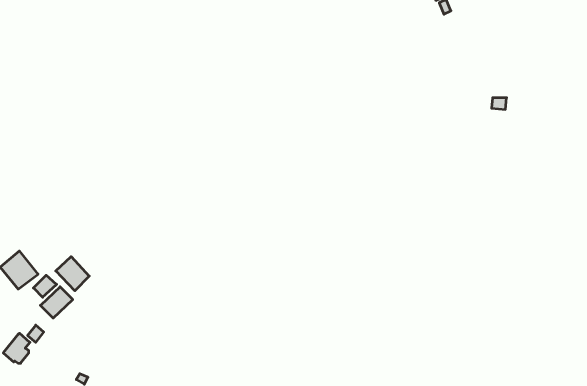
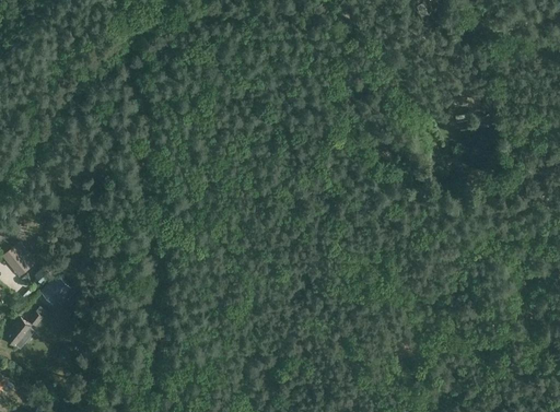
building: [56,257,89,291] -> none

